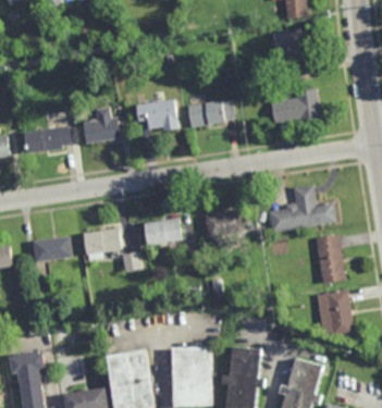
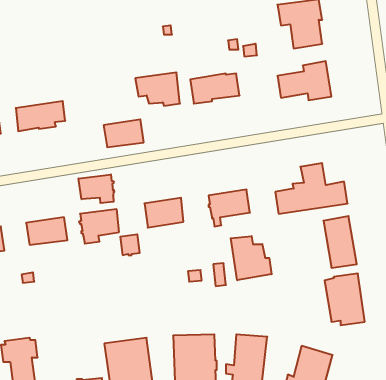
building: [83,116,121,143] -> [104,119,144,147]
building: none -> [79,174,114,203]
building: none -> [231,236,272,280]

